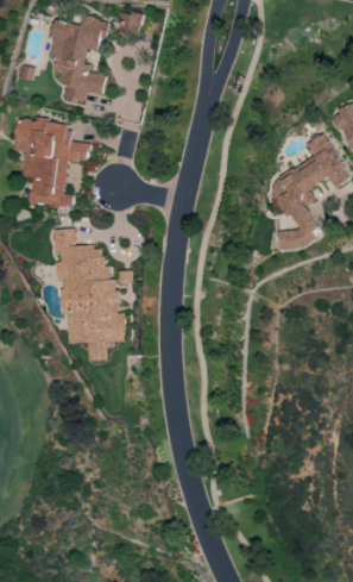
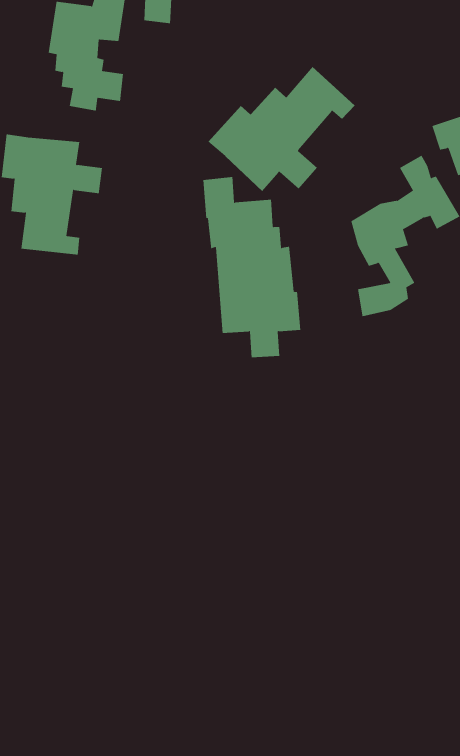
building: none -> [207,66,356,192]
building: [52,227,125,361] -> [202,176,301,358]

